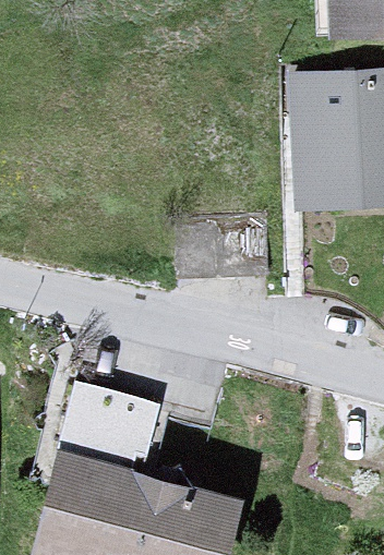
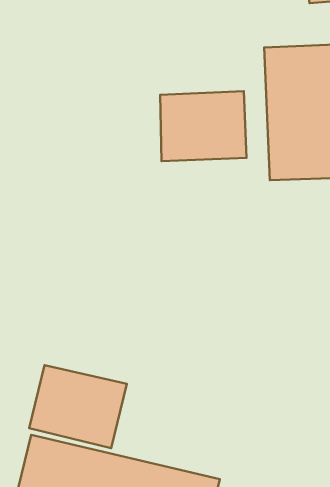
building: none -> [160,91,247,161]

